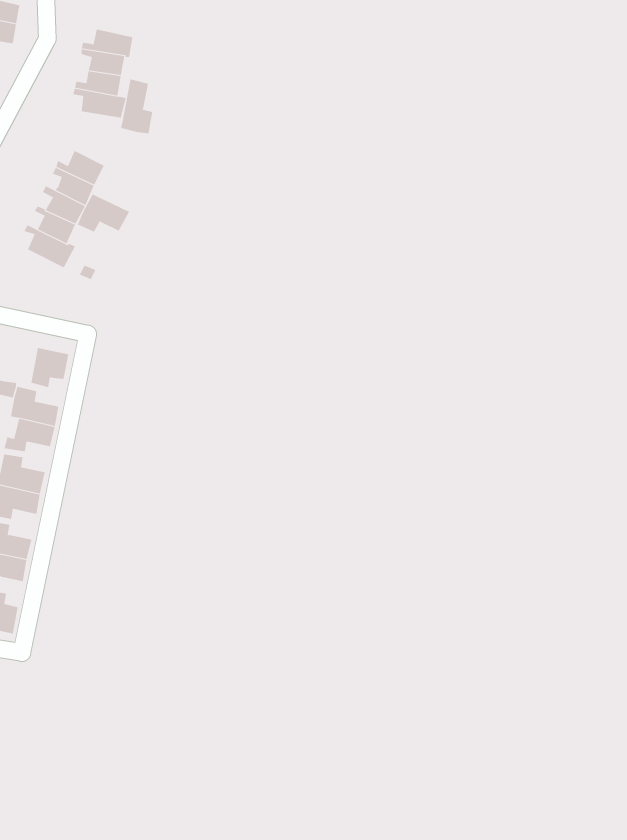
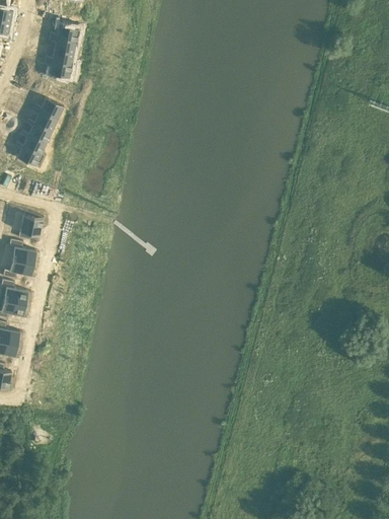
building: [120,78,153,134] -> none
building: [77,193,130,232] -> none

